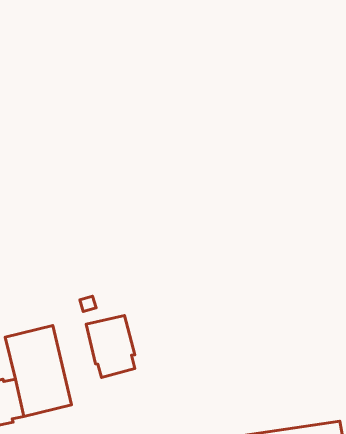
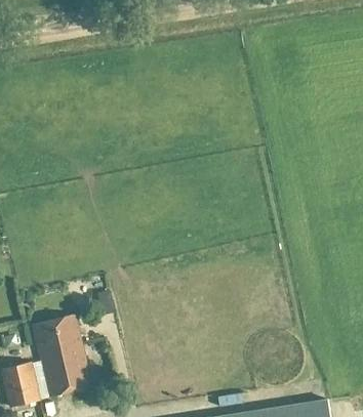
building: [86,316,135,378] -> none

